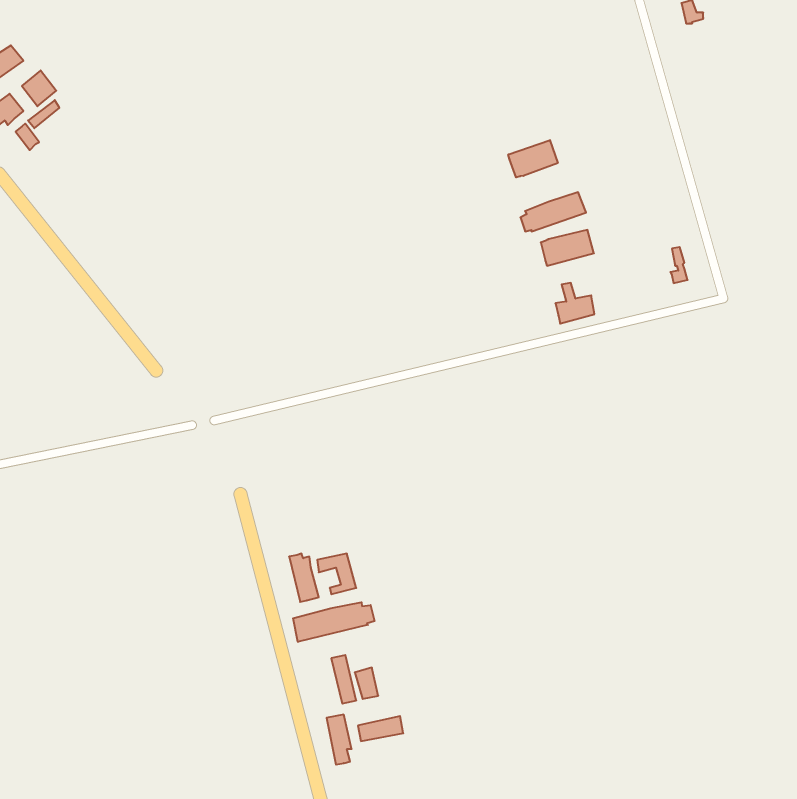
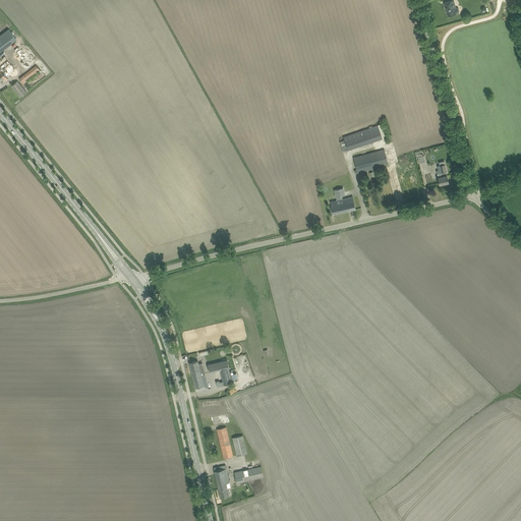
building: [508,140,558,177] -> none
building: [555,283,594,324] -> [329,188,354,215]
building: [293,602,375,642] -> none

